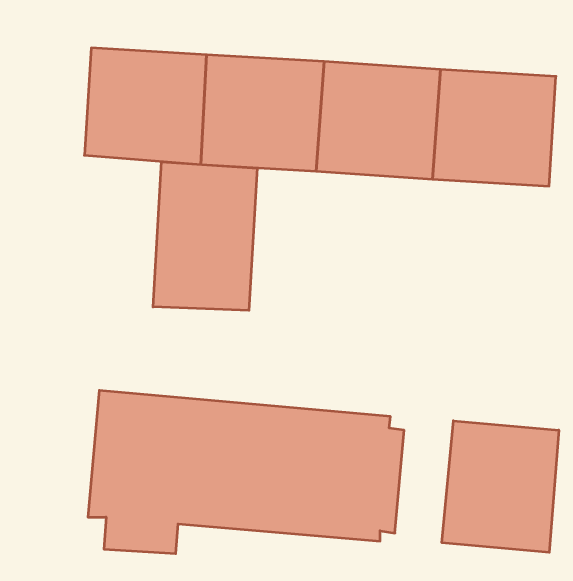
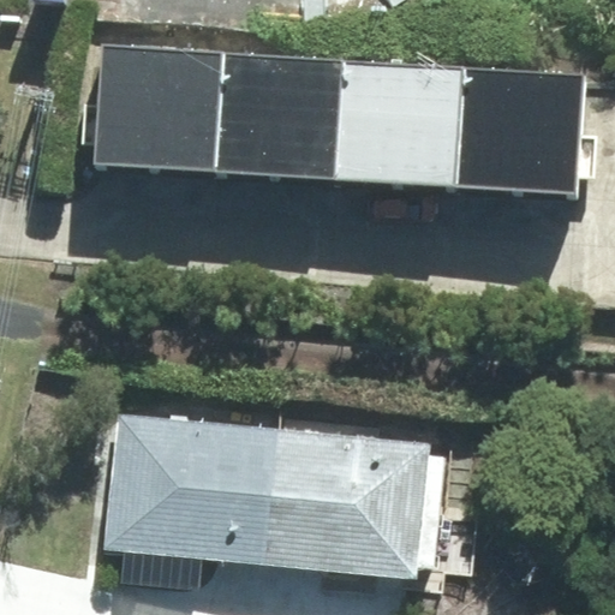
building: [153,162,257,310] -> none
building: [442,421,559,552] -> none

